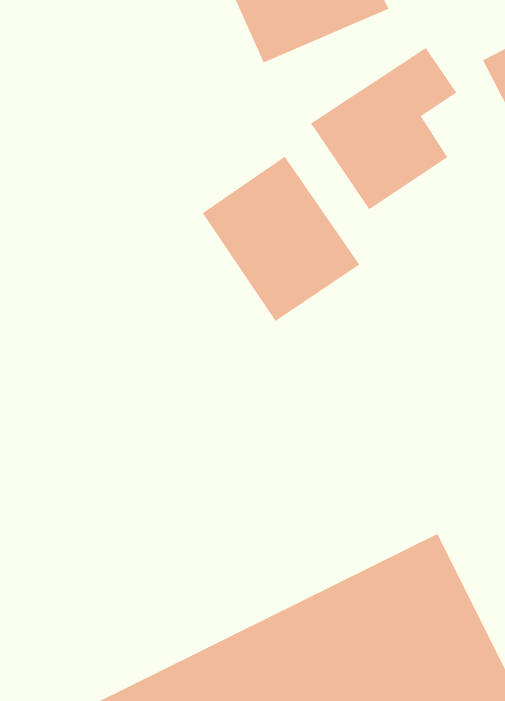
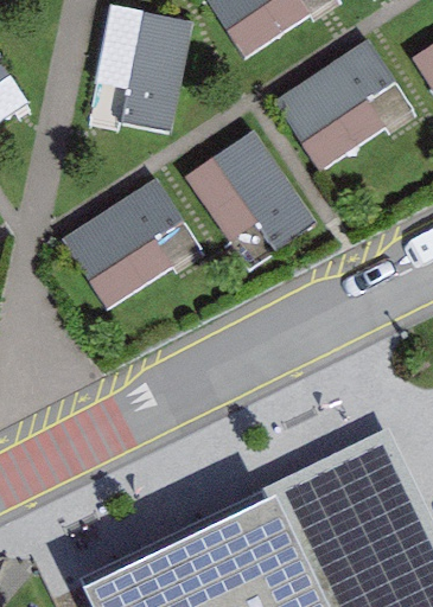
building: none -> [103,12,184,119]
building: none -> [61,183,198,314]

